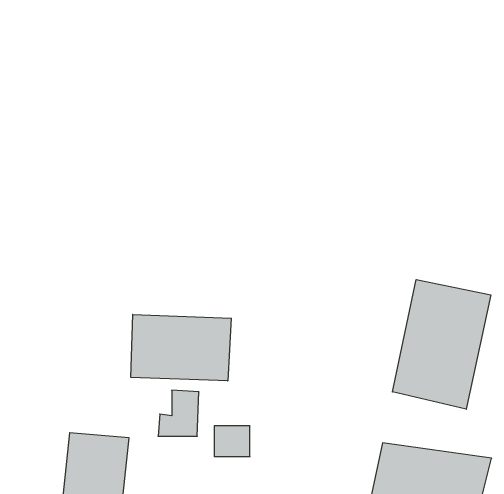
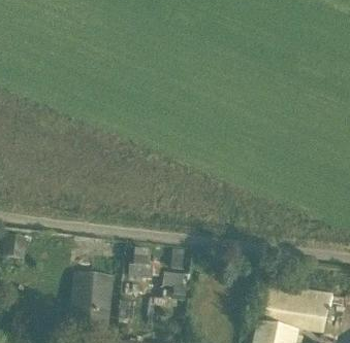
building: [392,280,491,409] -> none
building: [131,314,231,381] -> none

